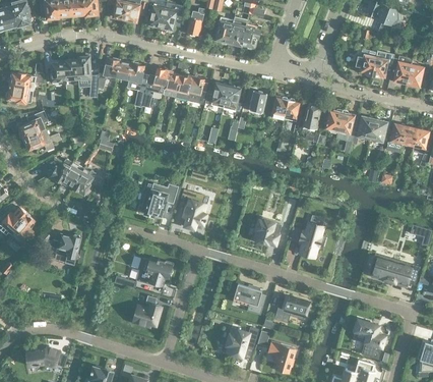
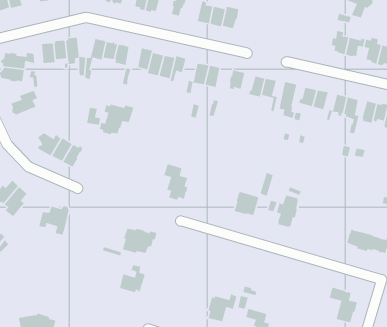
building: [22,129,60,150] -> none
building: [140,182,178,216] -> [99,103,134,135]
building: [233,283,262,315] -> none
building: [273,296,310,320] -> none

